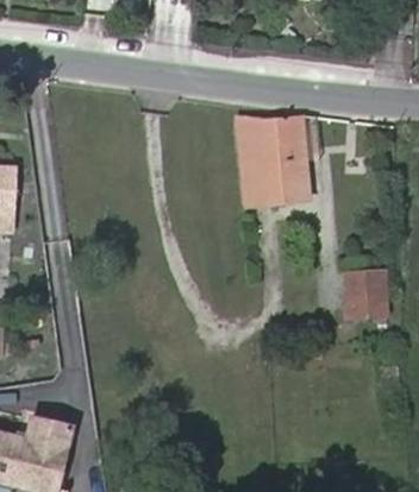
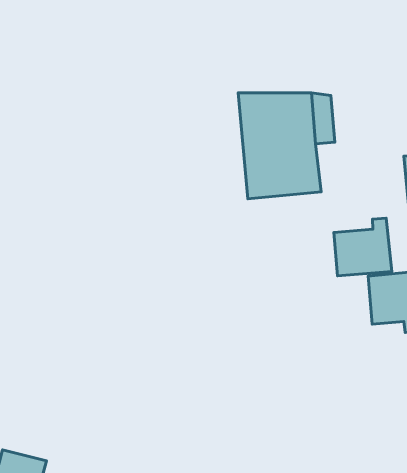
building: none -> [334,218,392,276]

